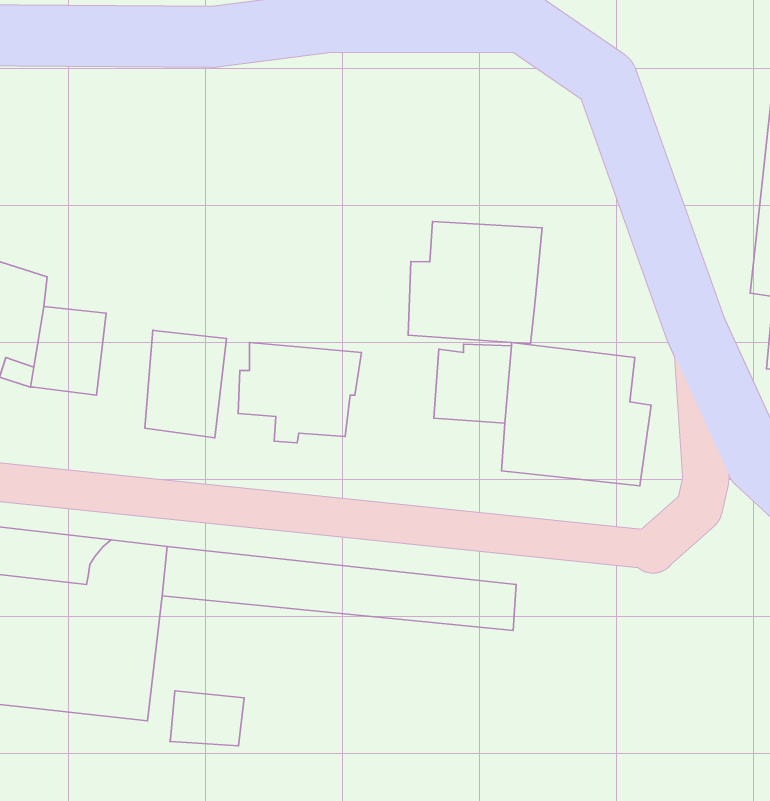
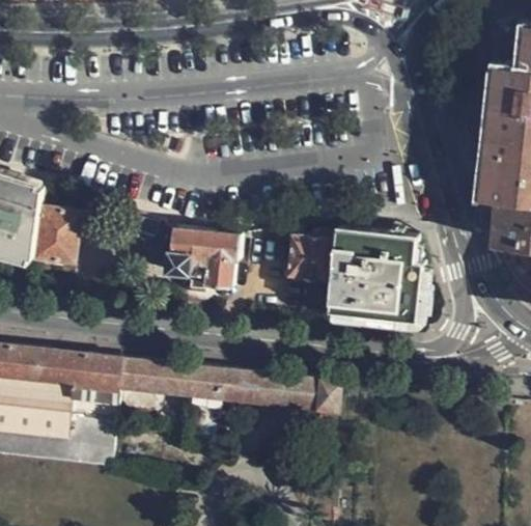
building: [408,222,542,344] -> none
building: [145,330,227,438] -> none
building: [170,691,244,746] -> none

